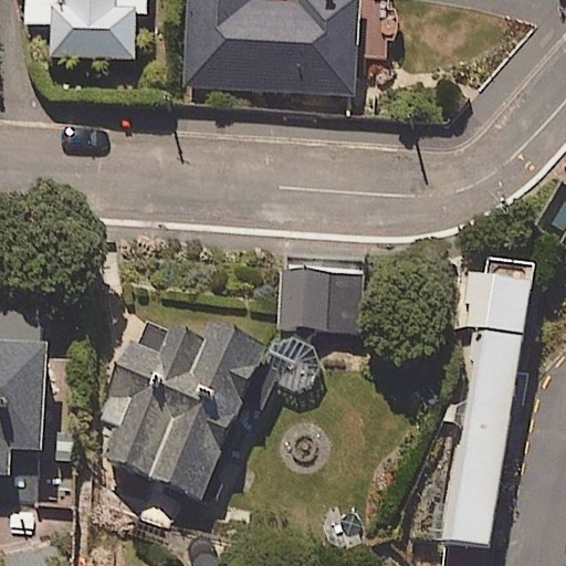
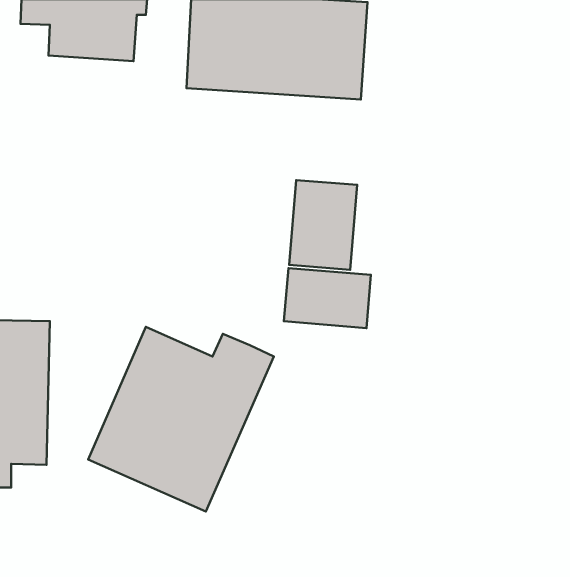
building: none -> [289,180,357,270]
building: [434,258,535,546] -> none

